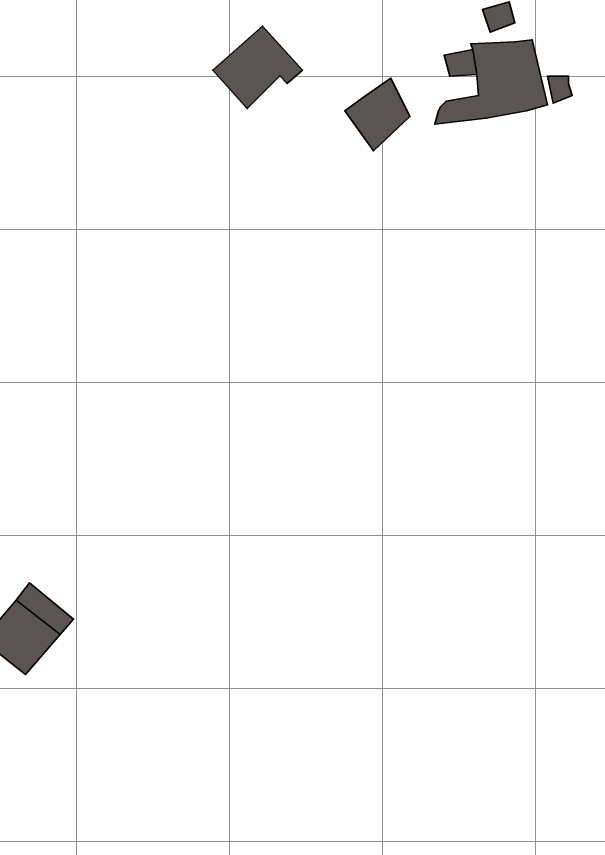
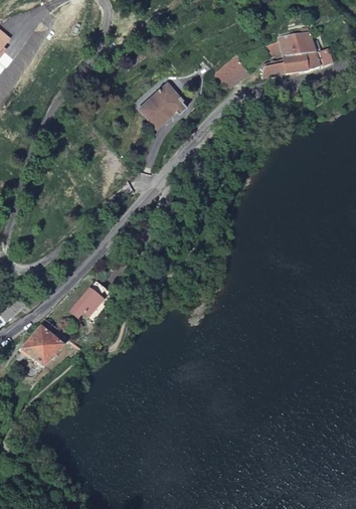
building: [213,26,303,108] -> [141,83,188,127]
building: none -> [71,280,111,316]

